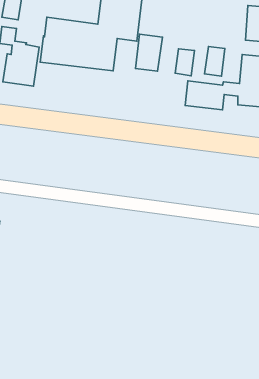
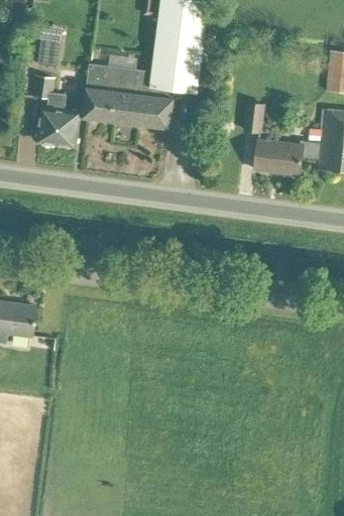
building: [135,34,162,71] -> none
building: [204,46,225,76] -> none

